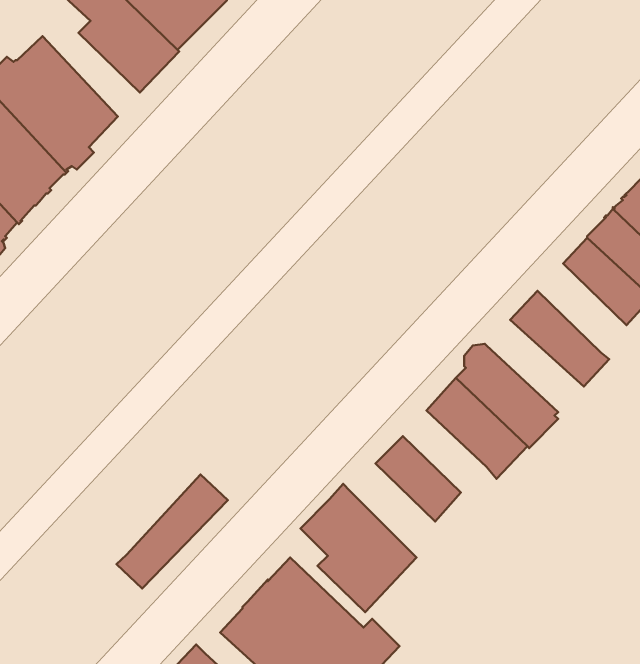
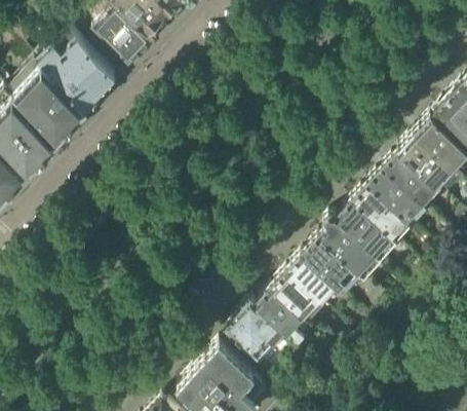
building: none -> [367,167,421,221]
building: none -> [337,201,395,257]
building: none -> [286,256,337,305]
building: none -> [255,288,312,345]
building: [117,474,228,589] -> none

